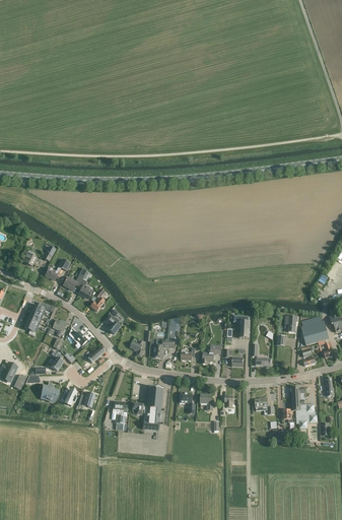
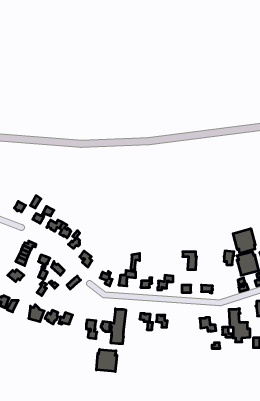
building: none -> [233,229,255,253]
building: none -> [96,349,117,372]

